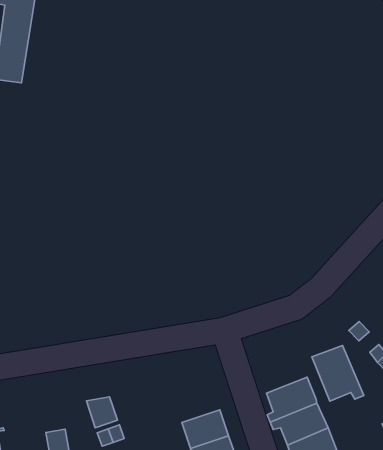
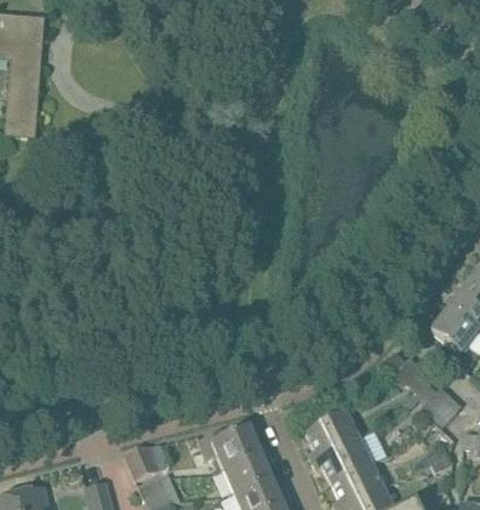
building: [312,345,364,401] -> none
building: none -> [198,423,259,465]

